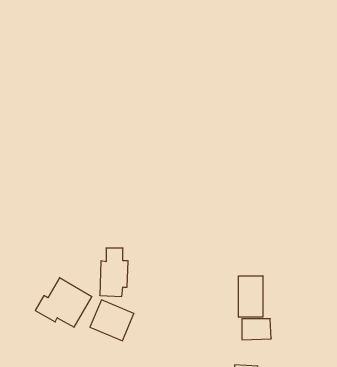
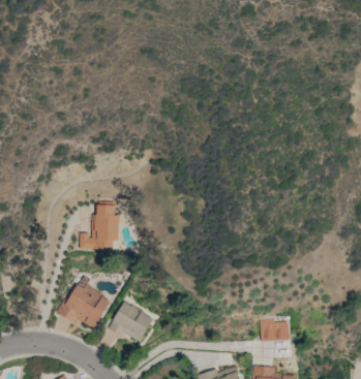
building: [100,248,128,296] -> [91,201,119,249]
building: [239,276,263,317] -> none

